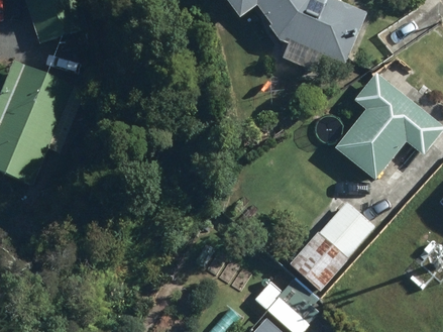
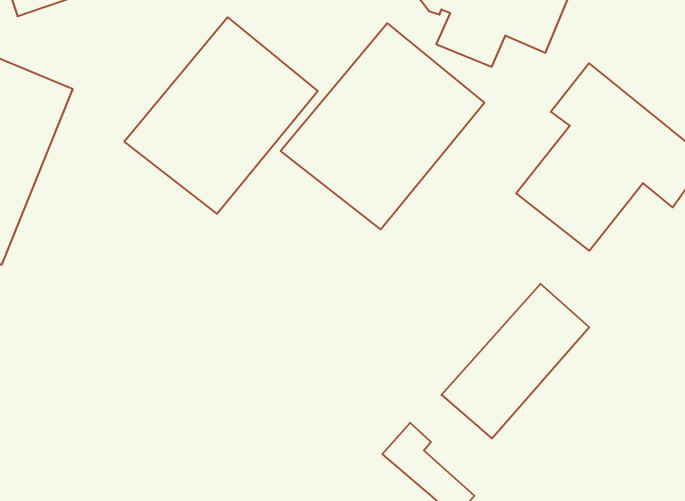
building: none -> [124,17,318,214]
building: none -> [281,23,484,229]

